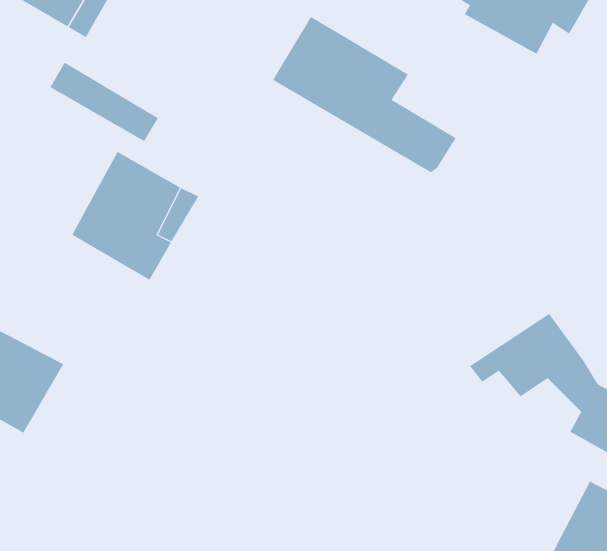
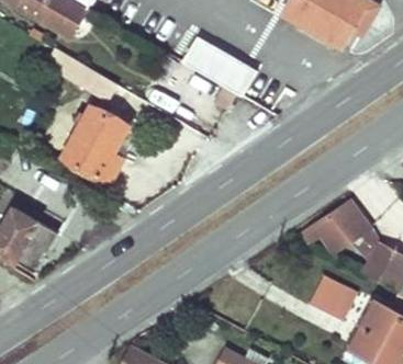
building: none -> [305,272,357,320]

